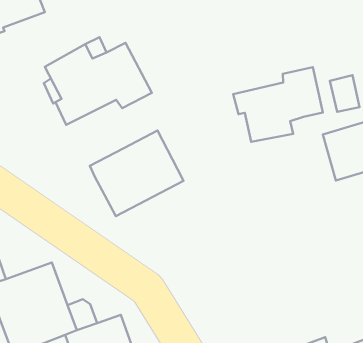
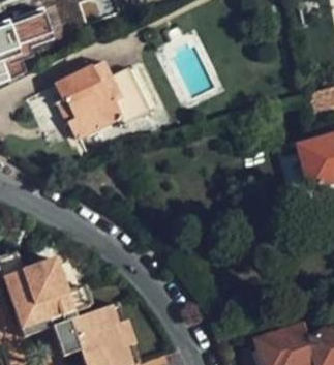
building: [233,67,323,142] -> none
building: [90,130,184,216] -> none

